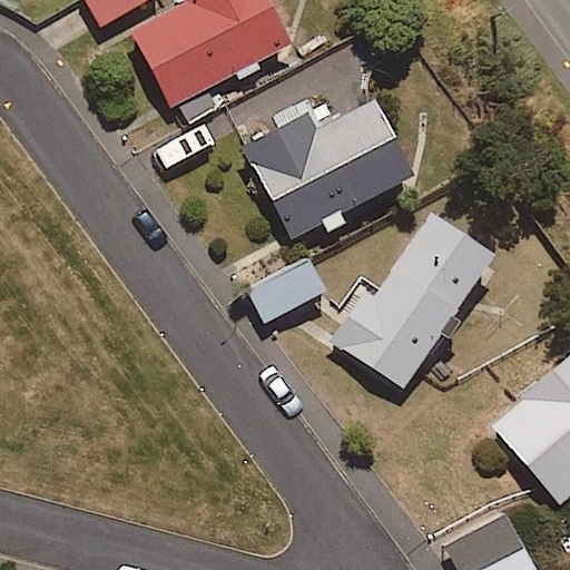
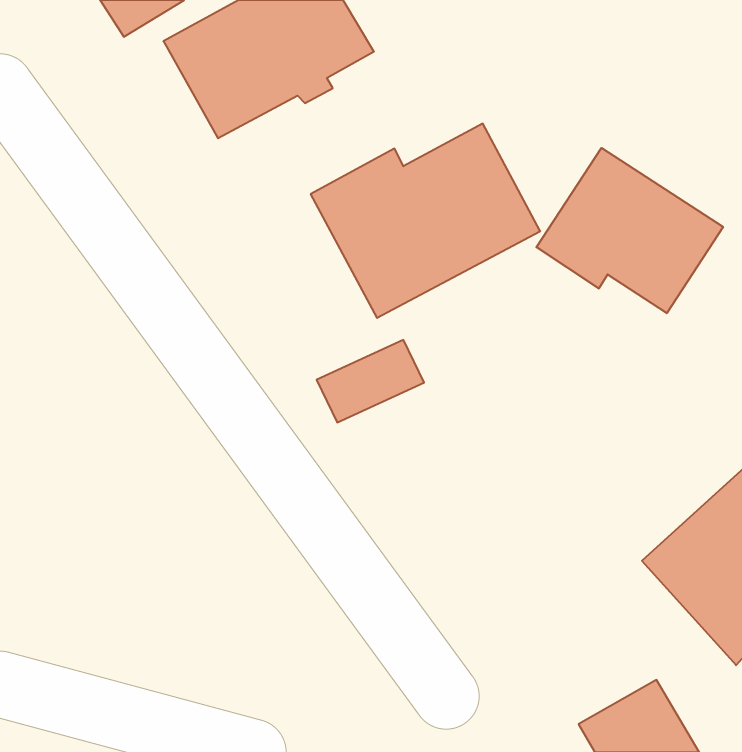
building: none -> [536,148,723,313]
building: [328,212,494,391] -> none

